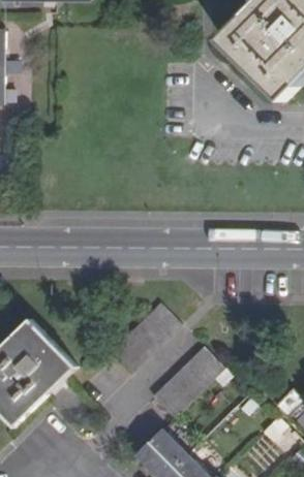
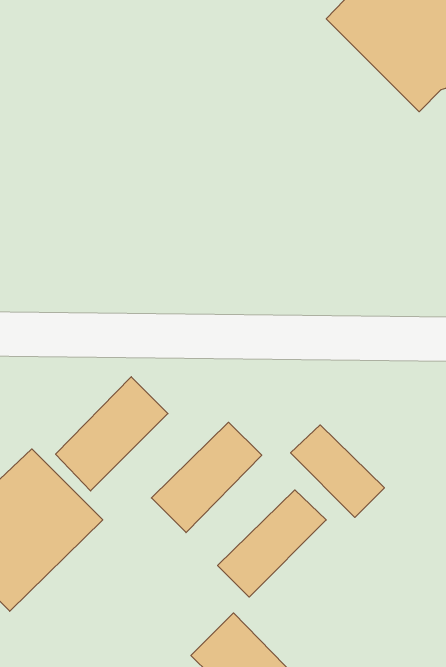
building: none -> [56,377,168,491]
building: none -> [291,425,384,517]

